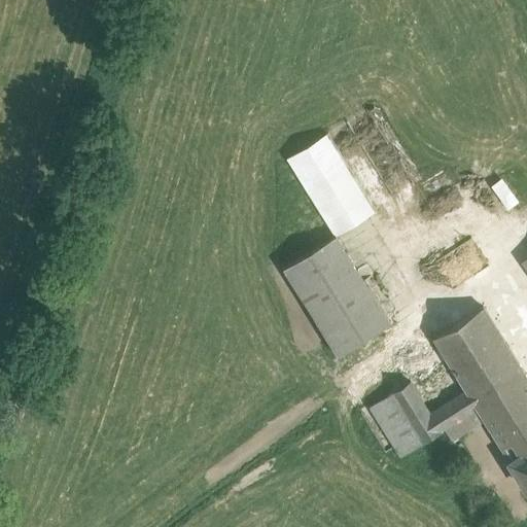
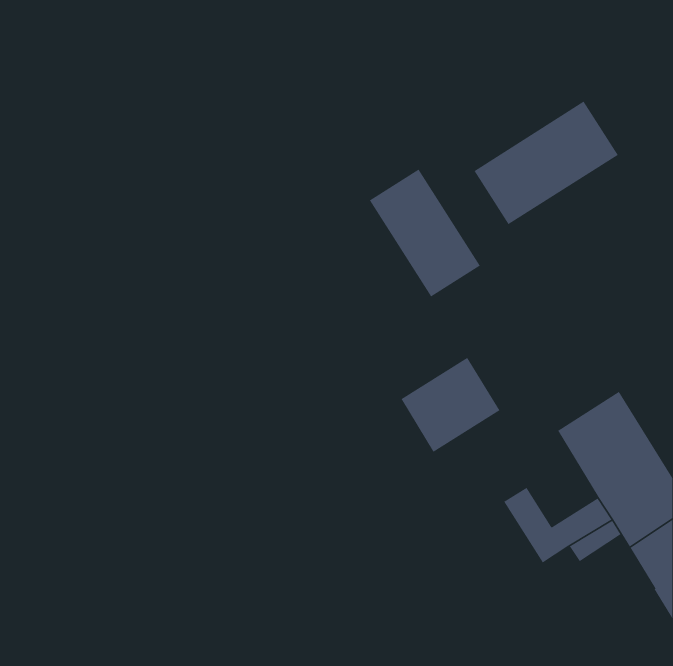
building: none -> [473,101,619,225]
building: [285,239,365,317] -> none
building: [372,397,424,460] -> none

